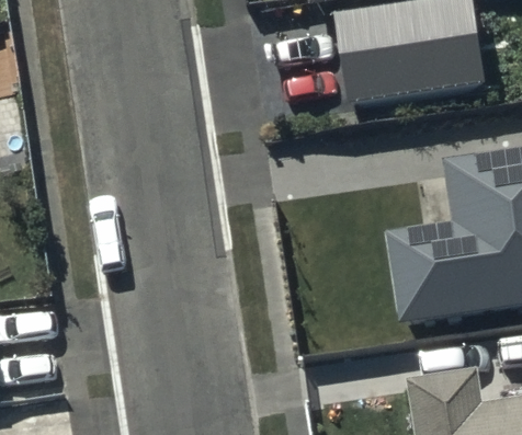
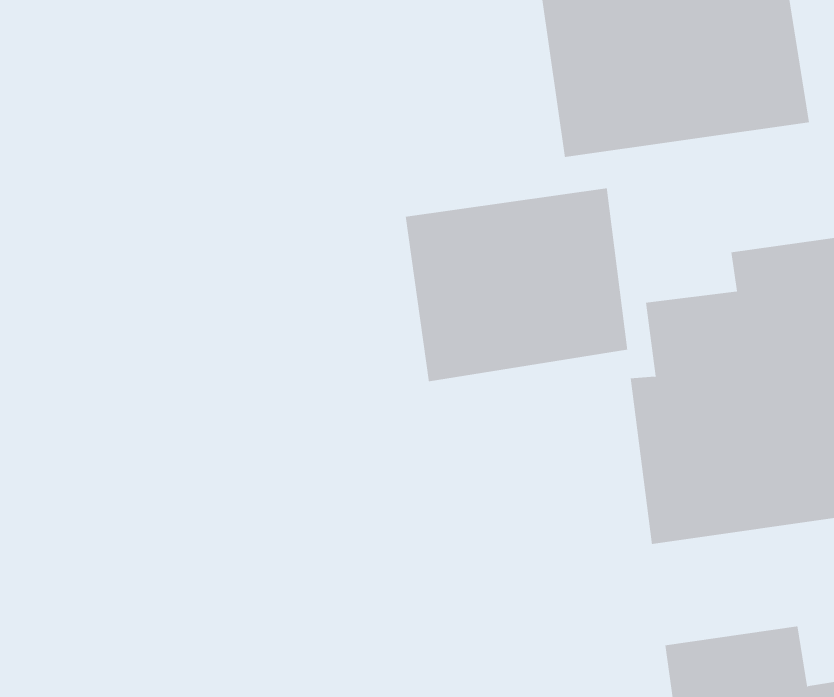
building: none -> [405,187,628,382]

